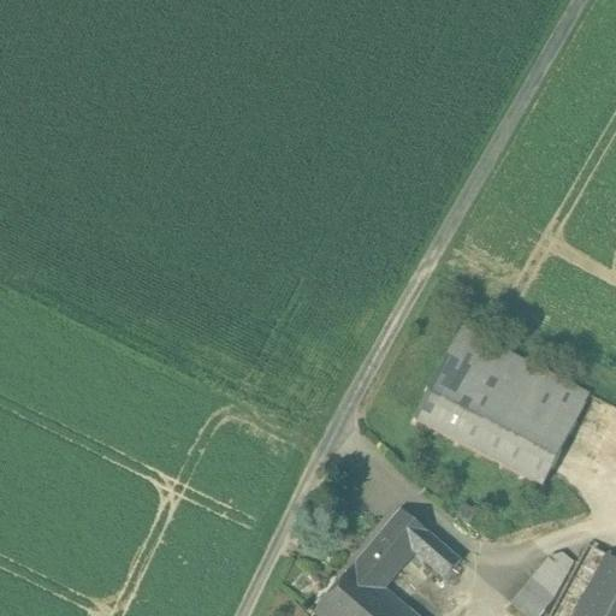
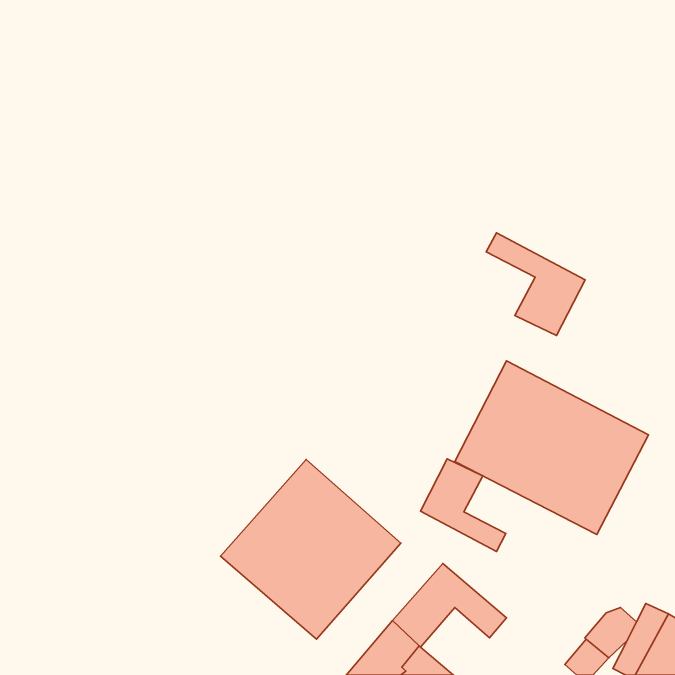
building: none -> [486,233,585,336]
building: none -> [420,459,506,552]
building: none -> [221,460,401,639]

